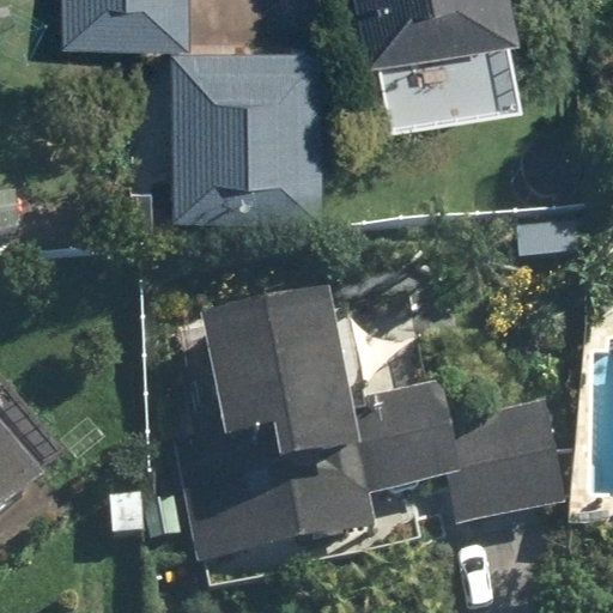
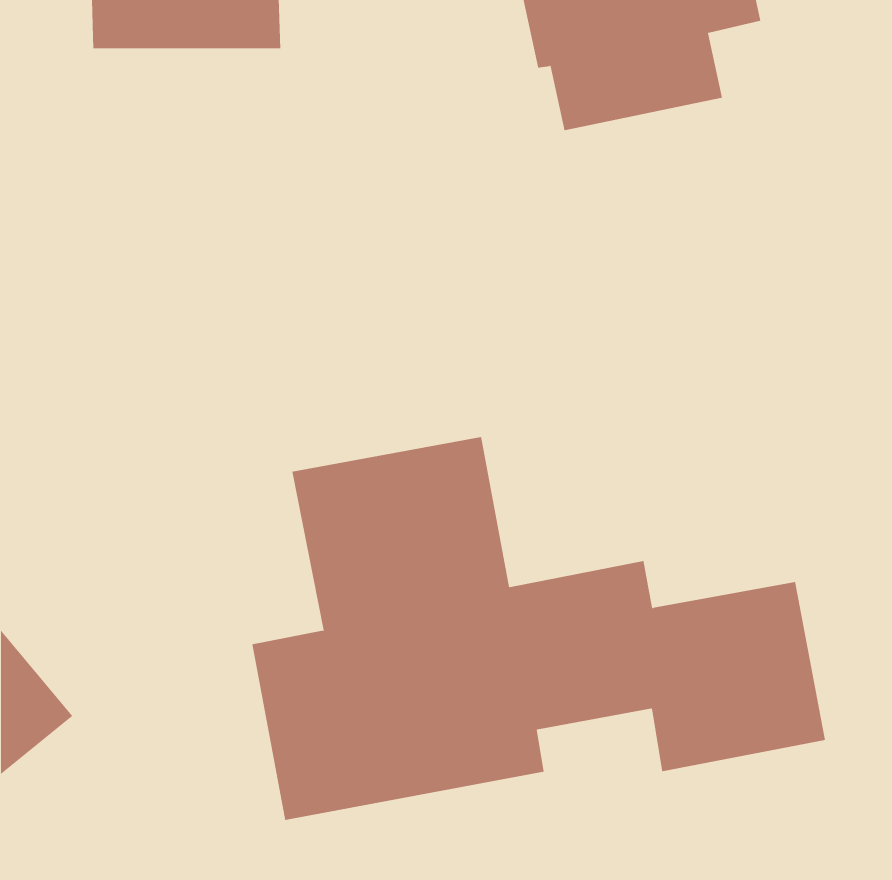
building: [172,36,327,201] -> none

